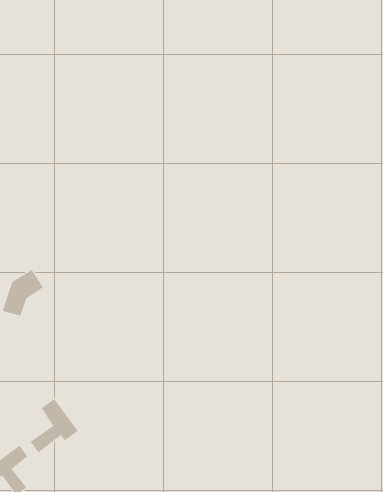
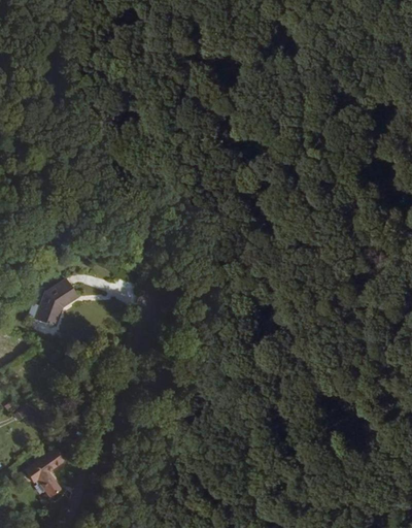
building: [30,398,78,454] -> none

